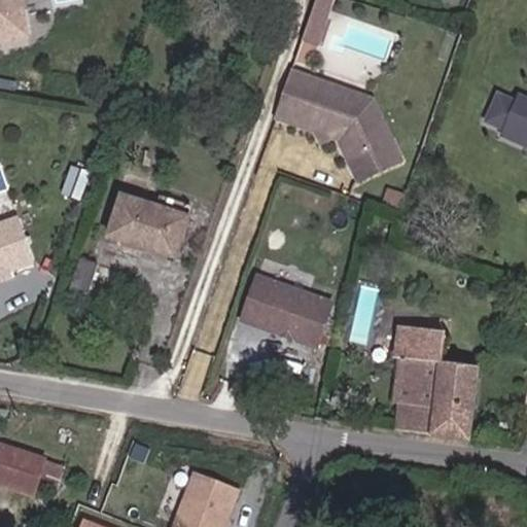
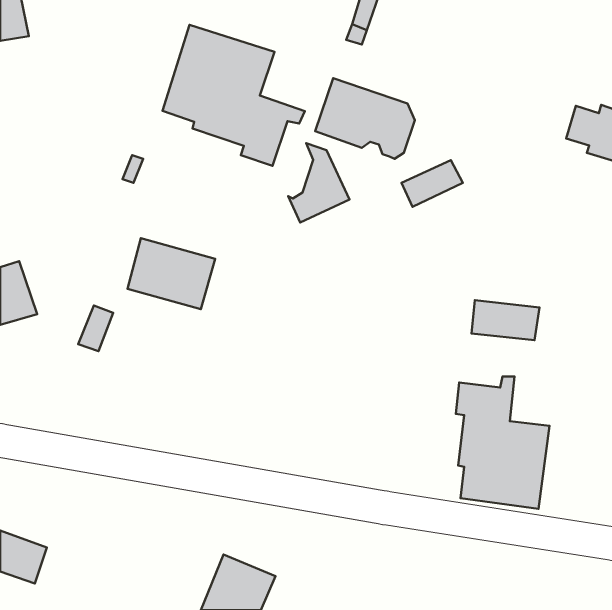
building: none -> [162,25,305,166]
building: [336,89,388,156] -> [288,143,349,222]
building: none -> [472,300,540,340]
building: [241,272,331,342] -> none

